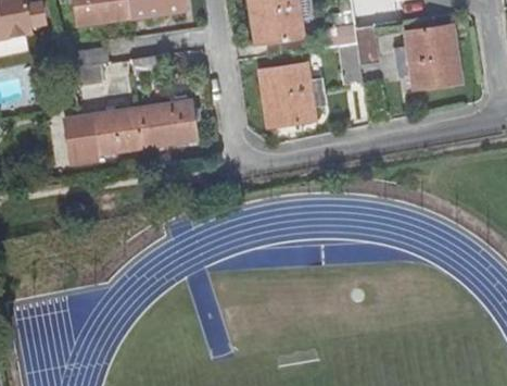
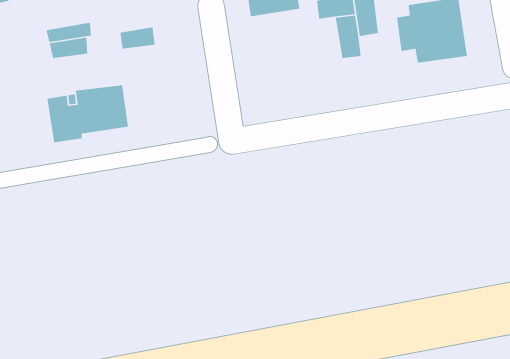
building: [261,63,316,126] -> none
building: [138,99,198,148] -> none

